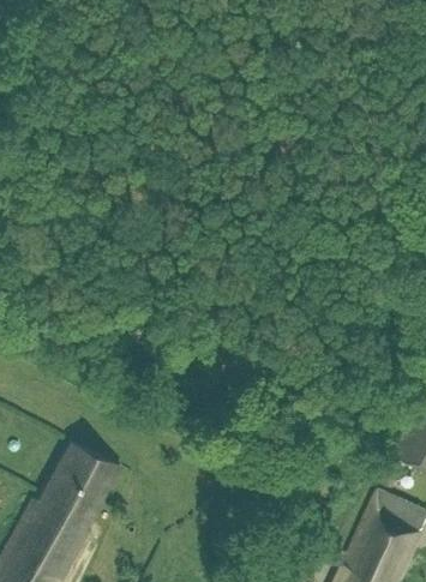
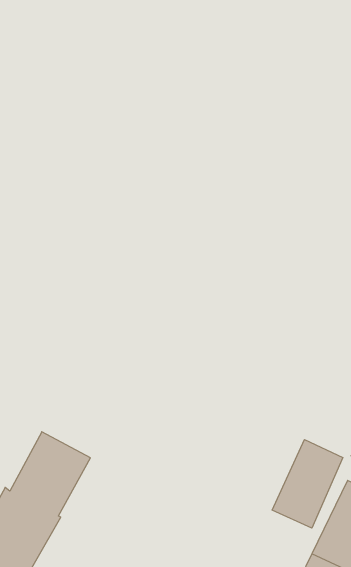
building: none -> [272,440,343,528]

